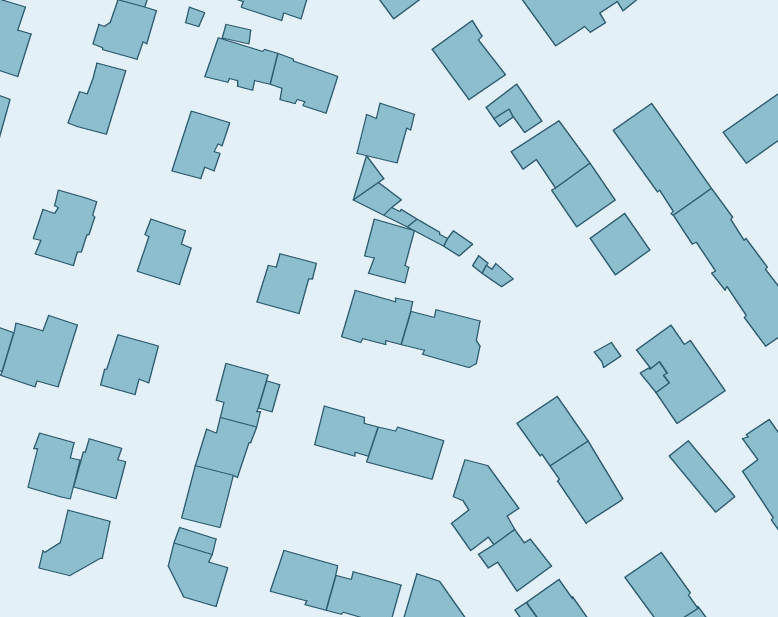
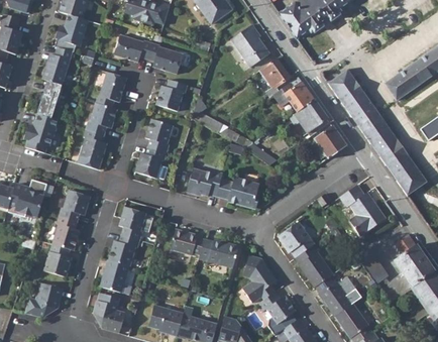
building: [357,103,415,163] -> [157,78,188,109]
building: none -> [36,81,63,118]
building: none -> [86,103,117,135]
building: [365,219,415,283] -> [151,119,178,152]
building: [28,433,80,499] -> [53,216,81,250]
building: none -> [315,276,353,317]

